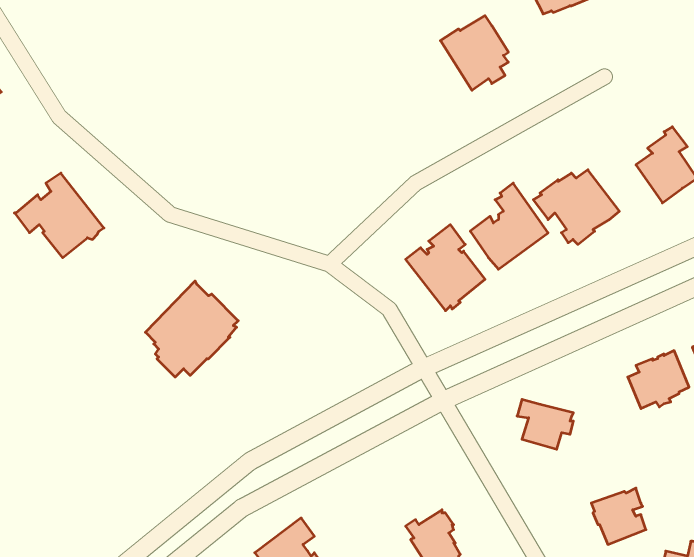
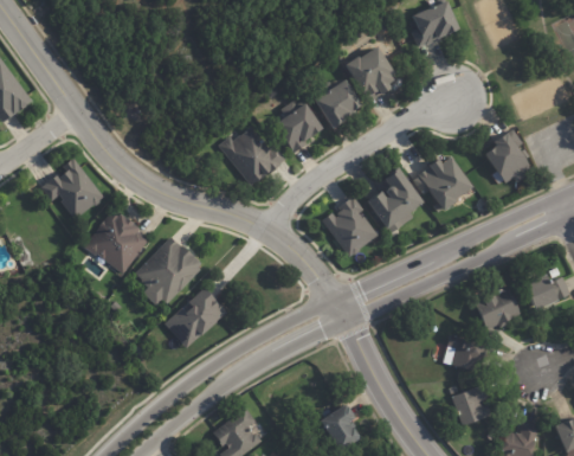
building: none -> [315,83,363,133]
building: none -> [272,107,324,155]
building: none -> [218,127,286,186]
building: none -> [82,214,147,277]
building: none -> [162,285,224,347]
building: [517,399,573,449] -> [446,334,486,370]

